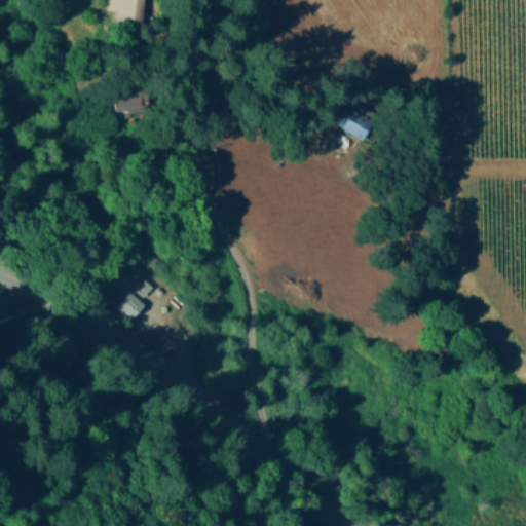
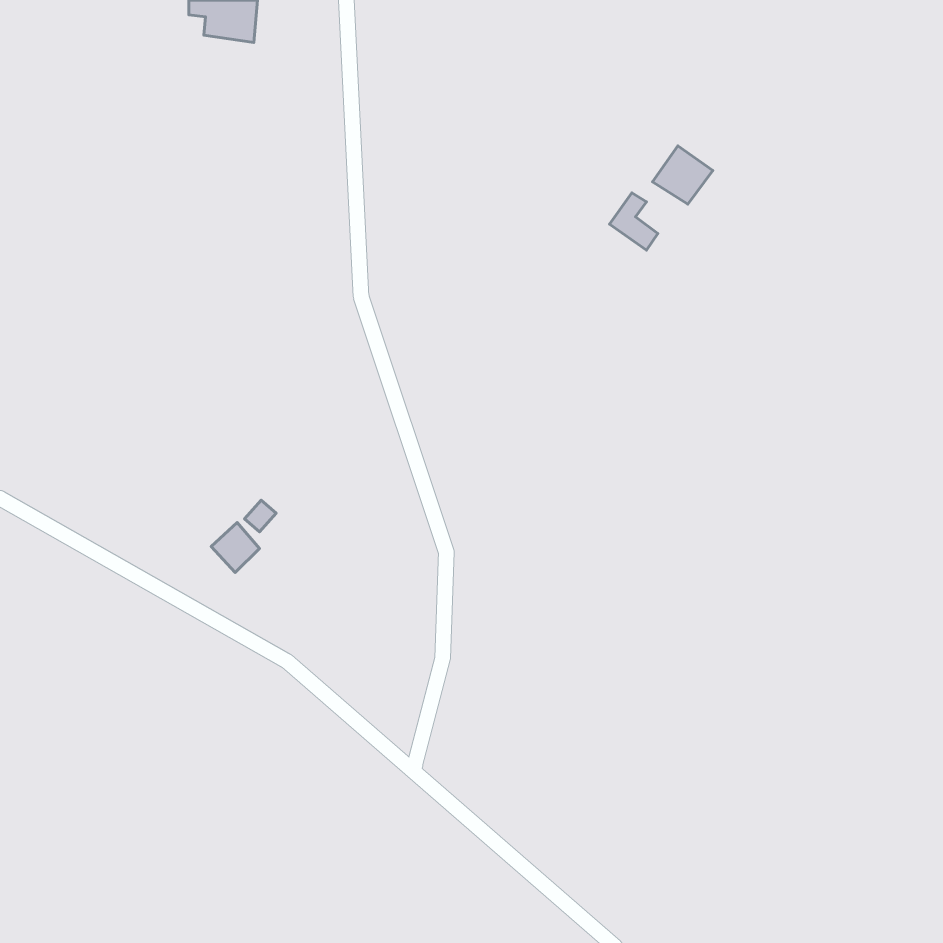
building: none -> [653,146,713,204]
building: [113,93,141,111] -> none

